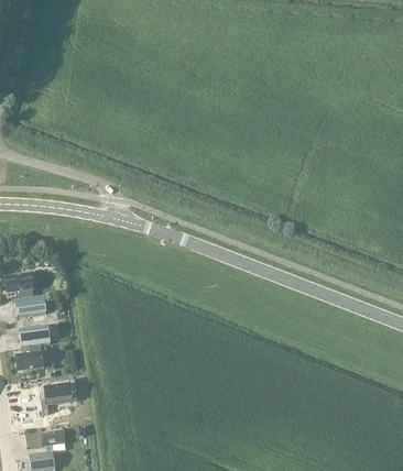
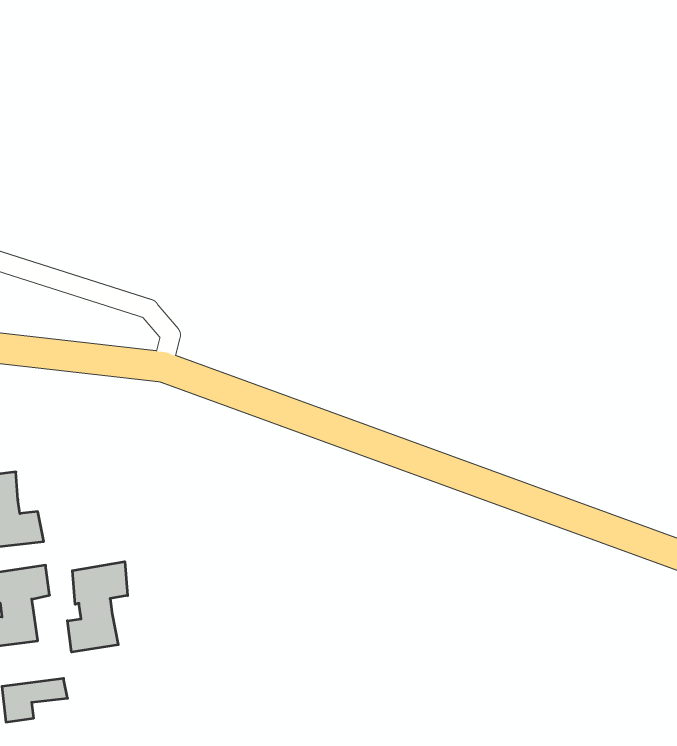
building: none -> [67,562,128,652]

